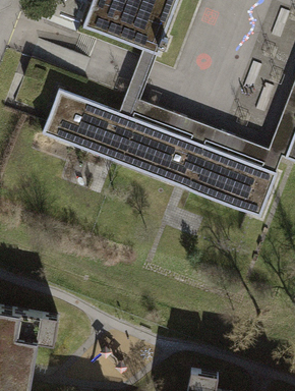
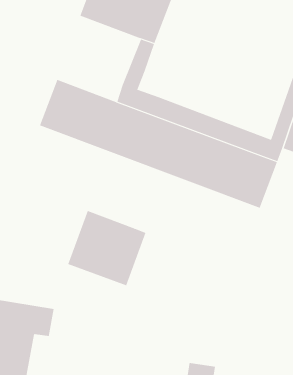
building: none -> [67,210,146,286]

